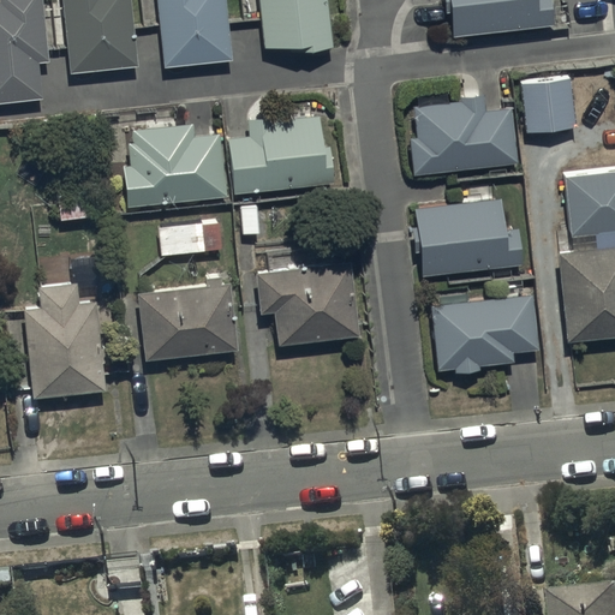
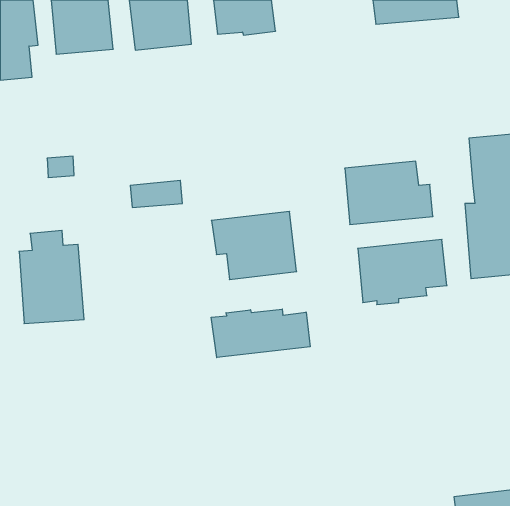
building: [521,78,574,131] -> none
building: [410,94,518,173] -> none
building: [229,118,334,193] -> none
building: [124,125,226,205] -> none
building: [137,281,237,360] -> none
building: none -> [211,309,310,358]

